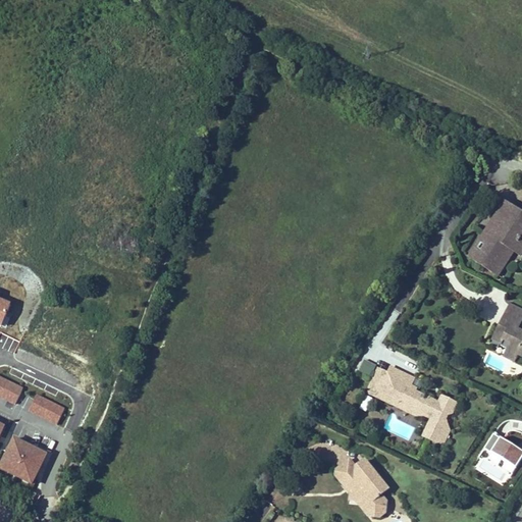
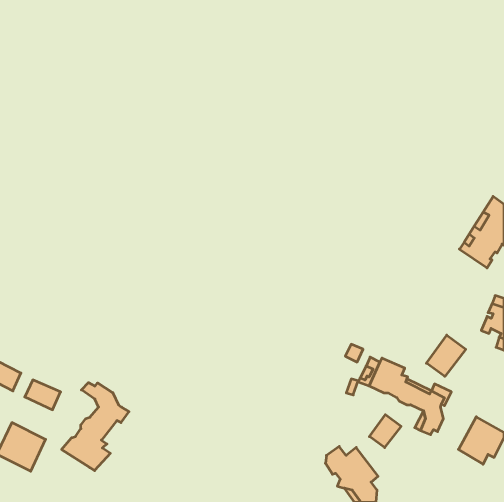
building: none -> [426,335,466,376]
building: none -> [62,383,129,471]
building: none -> [369,415,401,448]

